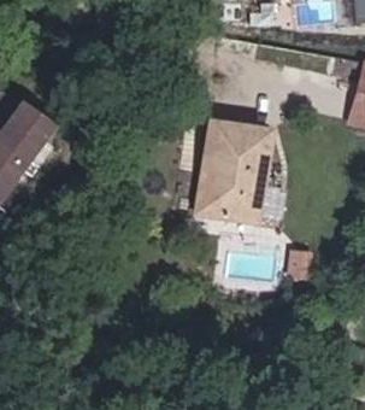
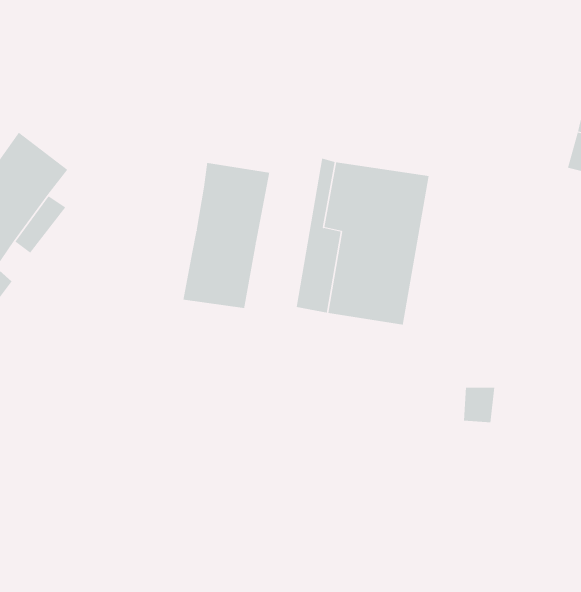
building: none -> [183,162,270,309]

